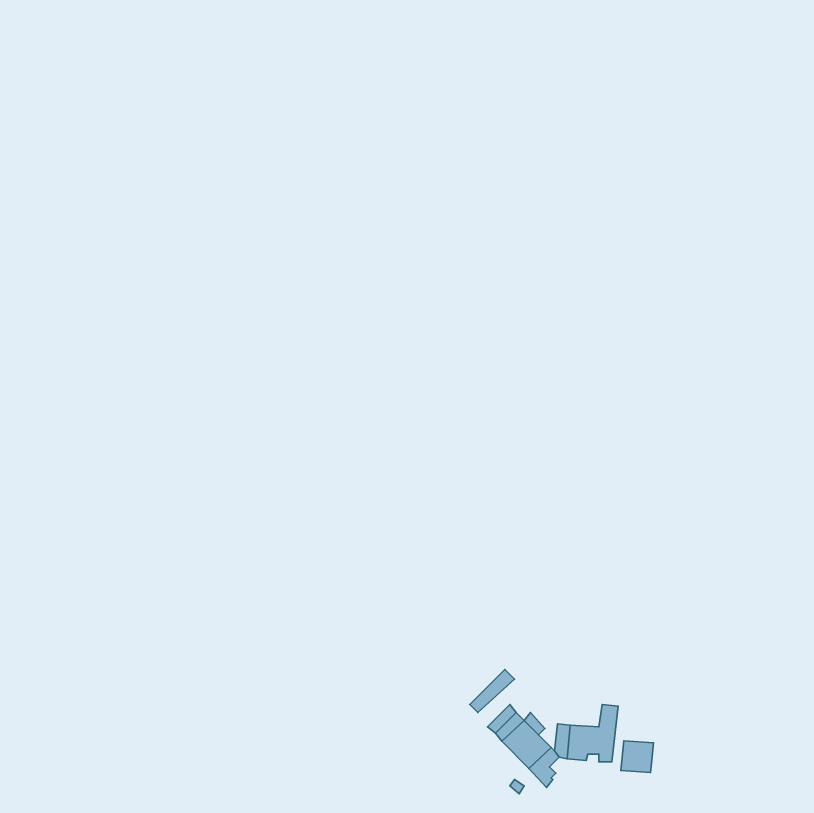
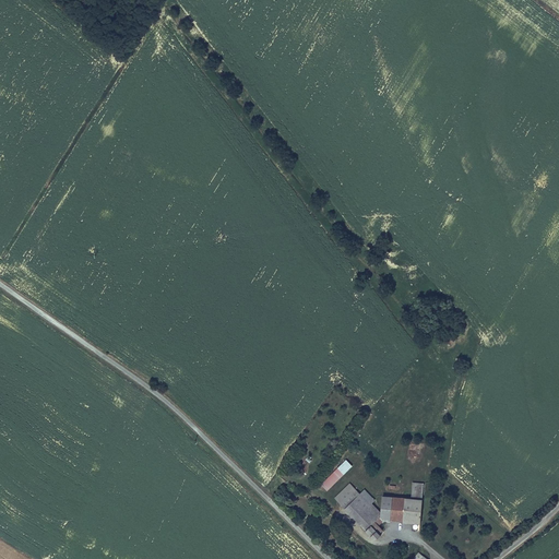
building: [621,741,654,773] -> none

